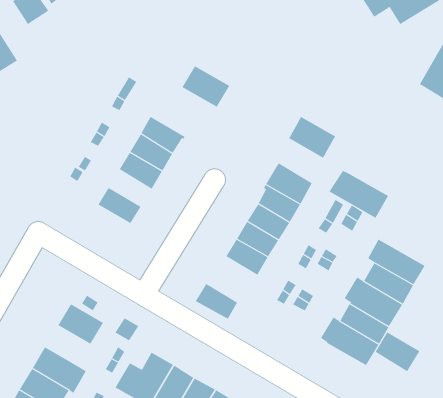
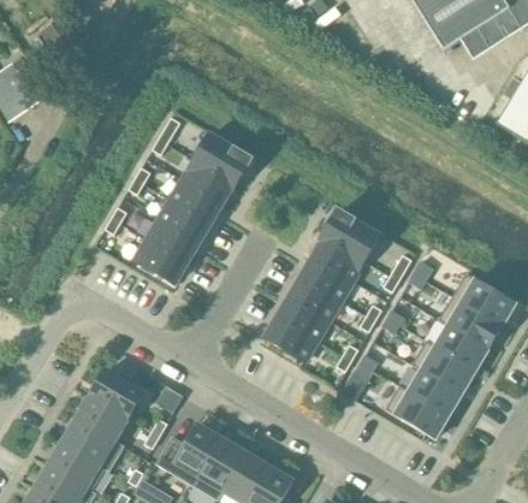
building: [182,65,230,107] -> [195,136,249,183]
building: [288,116,336,158] -> none
building: none -> [148,219,197,261]
building: [328,170,389,218] -> [450,273,517,327]
building: [195,283,238,320] -> [267,316,315,357]
building: none -> [77,393,129,439]
building: [375,331,420,372] -> none

